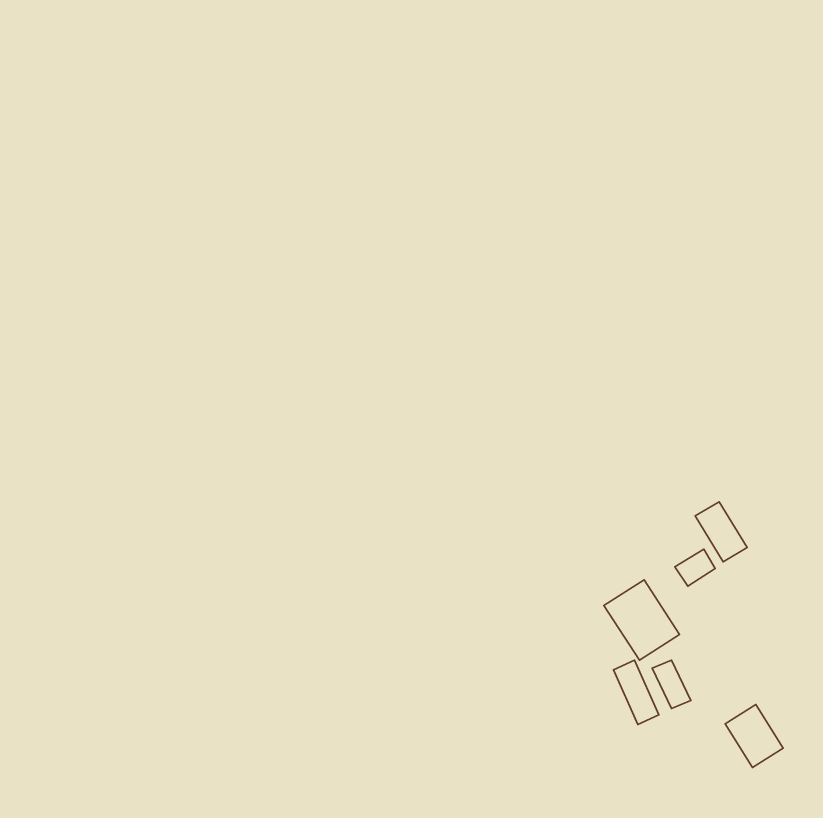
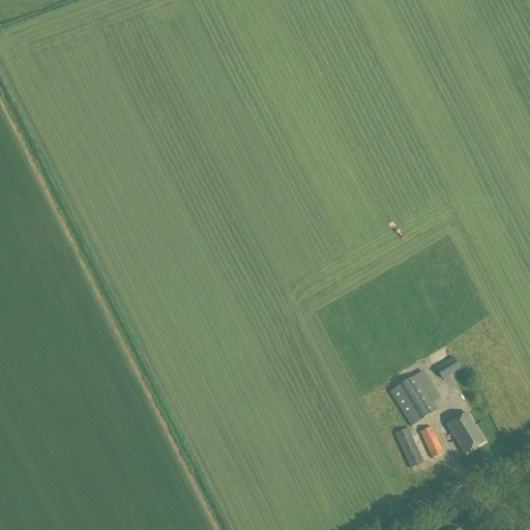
building: [695,502,747,562] -> none
building: [725,705,783,767] -> [447,411,484,451]

